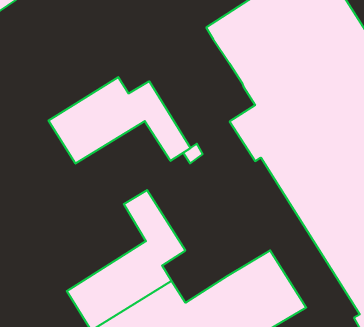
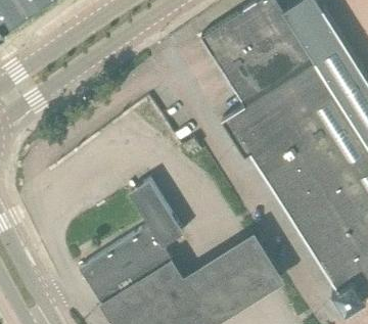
building: [49,77,190,164] -> none

